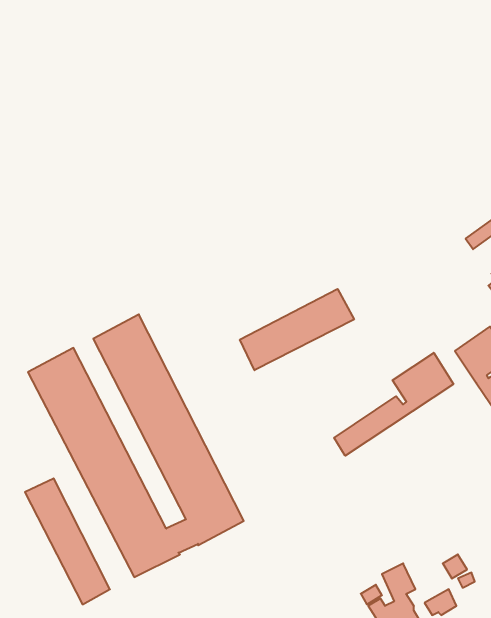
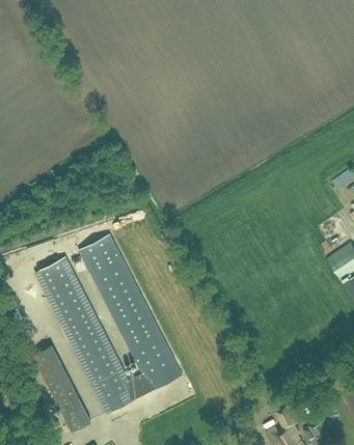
building: [240,289,354,370] -> none
building: [334,353,453,456] -> none

